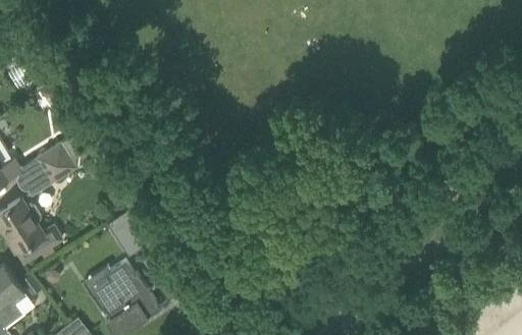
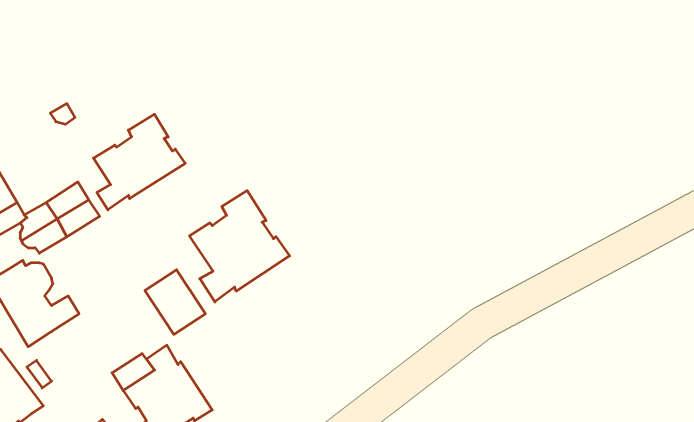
building: none -> [93,114,185,210]
building: none -> [190,191,290,302]

